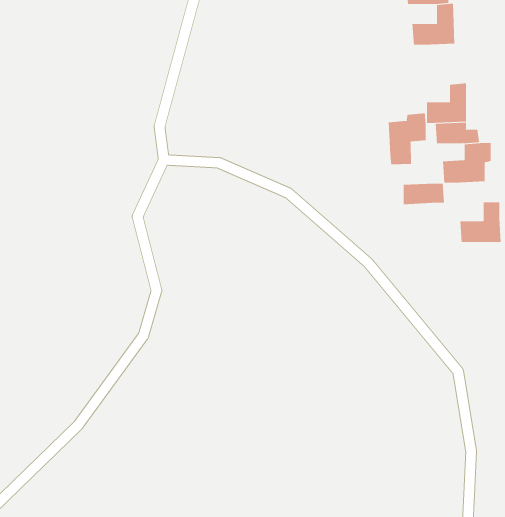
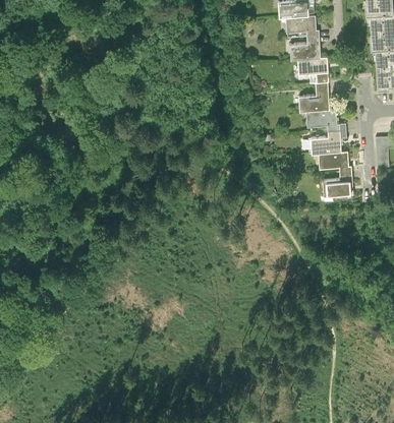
building: none -> [298,57,329,85]
building: [388,112,426,165] -> none
building: [403,183,445,205] -> [320,154,349,169]

